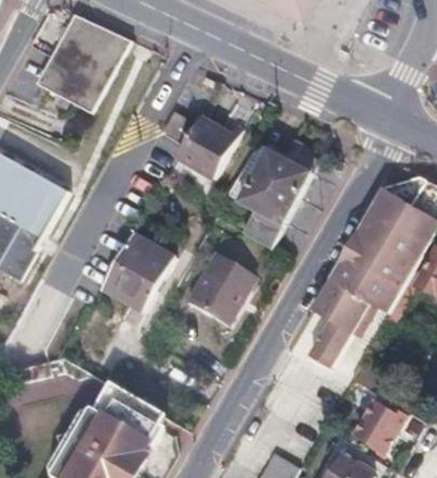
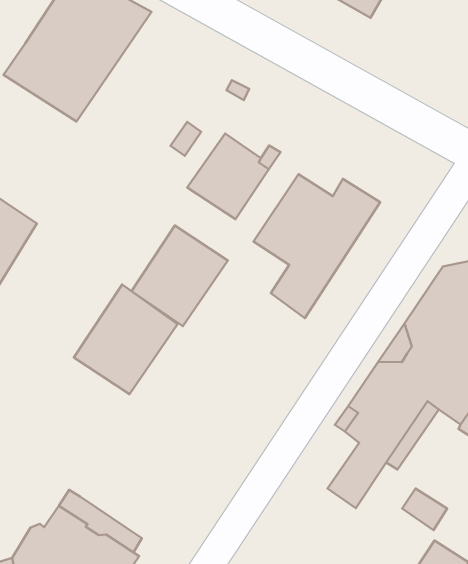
building: [184,249,253,322] -> [132,226,228,326]

